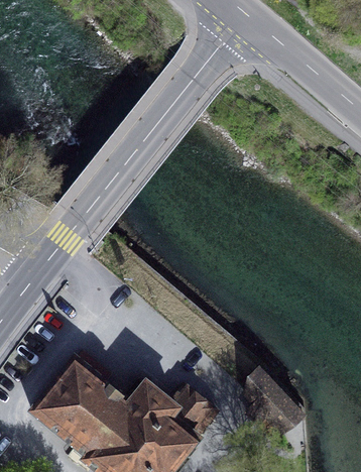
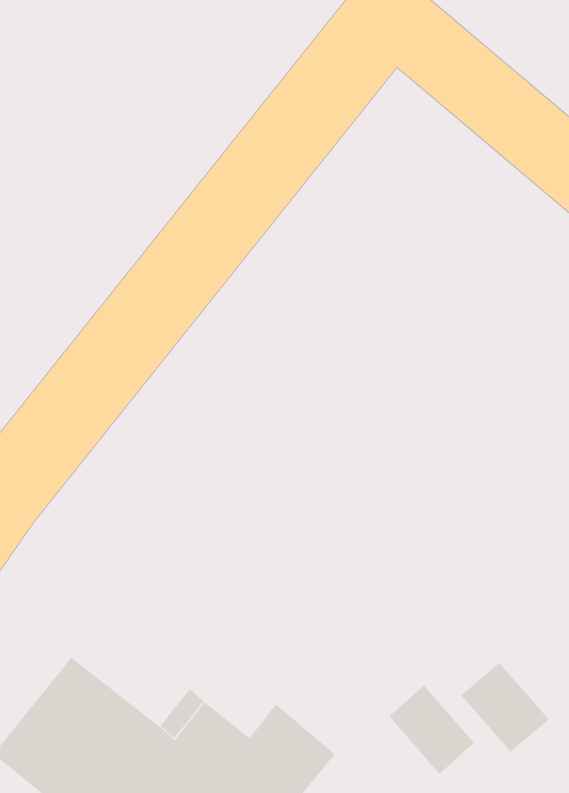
building: none -> [460,662,550,753]

